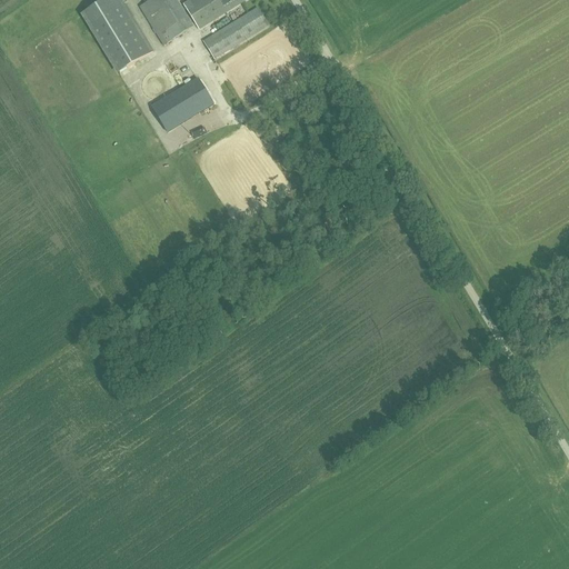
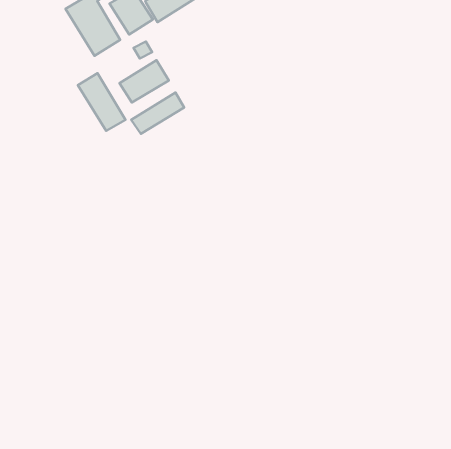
building: [201,4,268,57] -> [131,92,184,134]
building: none -> [78,73,125,131]

